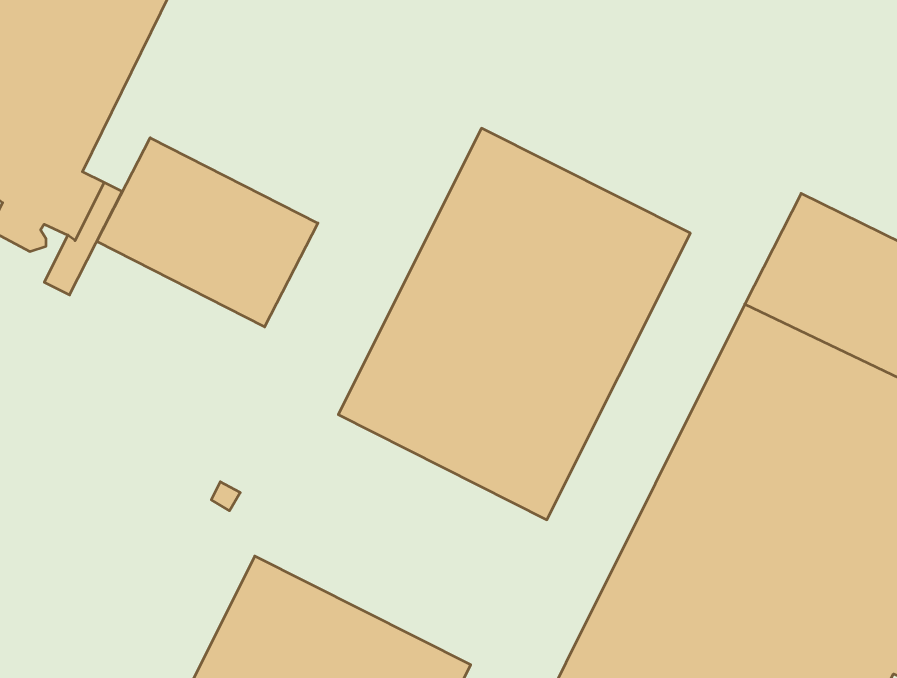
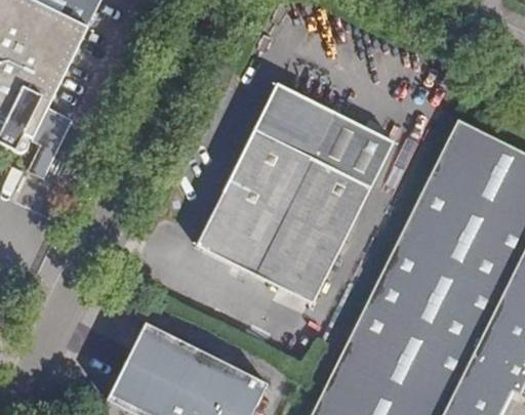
building: [97,138,318,327] -> none

